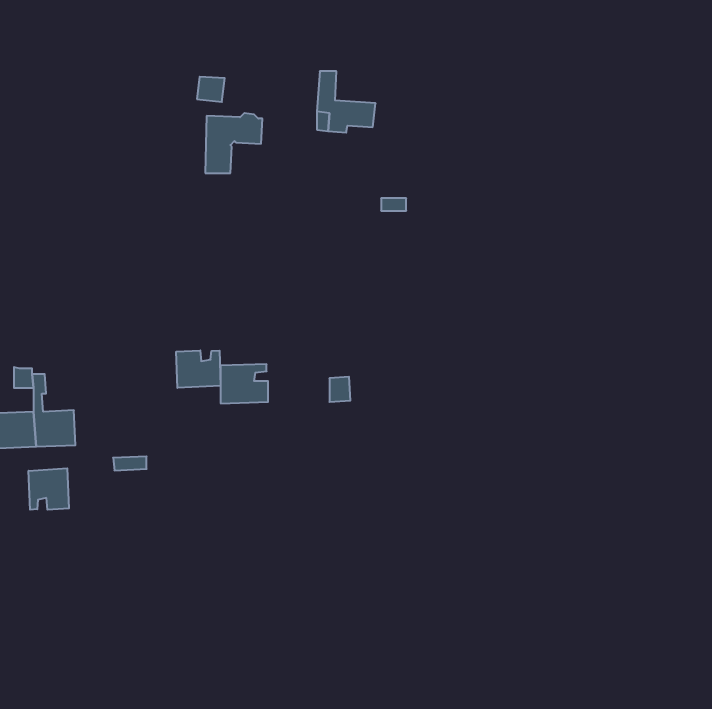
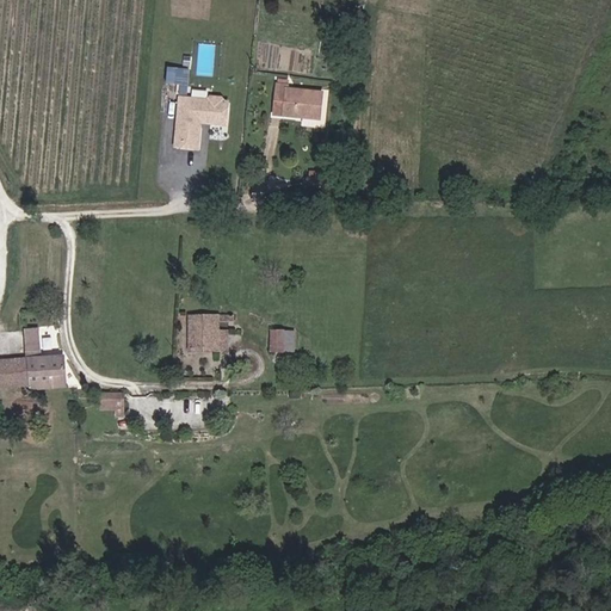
building: [176,350,221,388] -> none
building: [29,468,69,510] -> none

